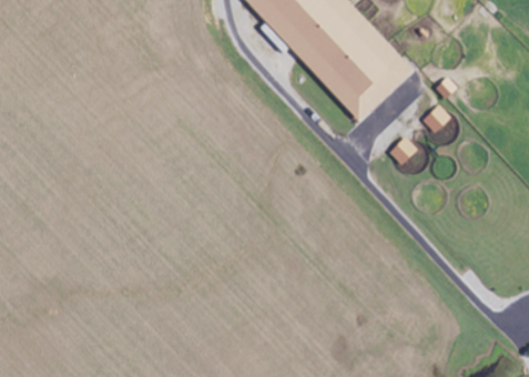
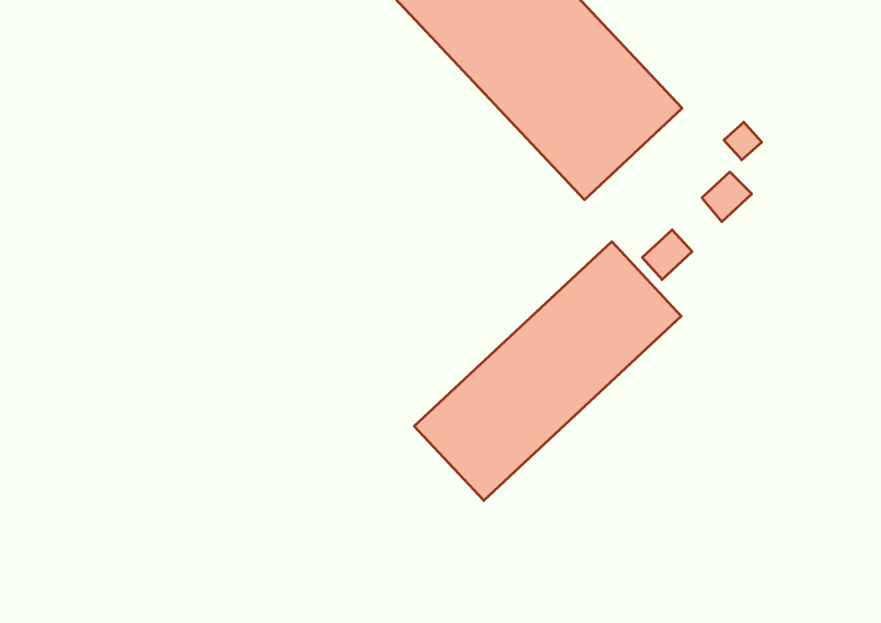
building: none -> [414,242,681,501]

